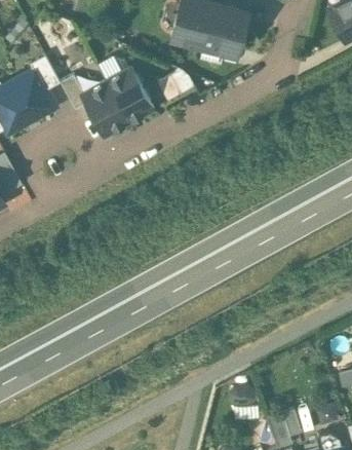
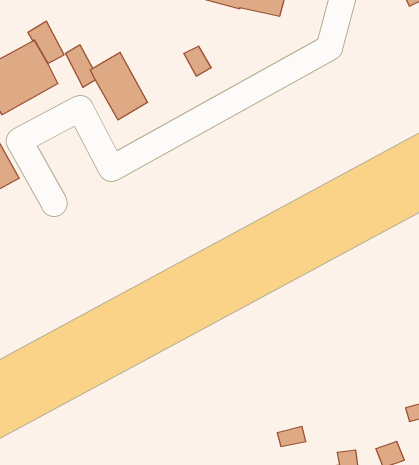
building: [105,68,153,122] -> none

